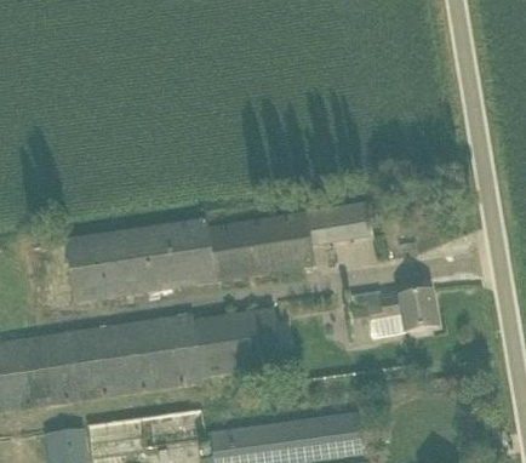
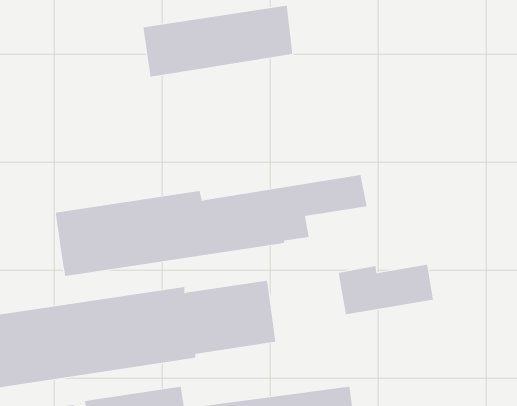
building: none -> [143,5,293,77]

